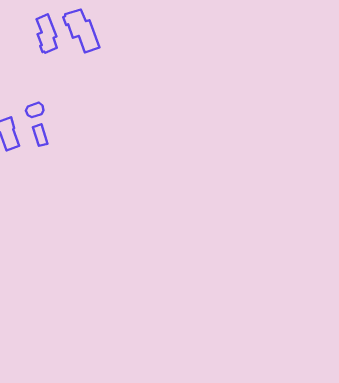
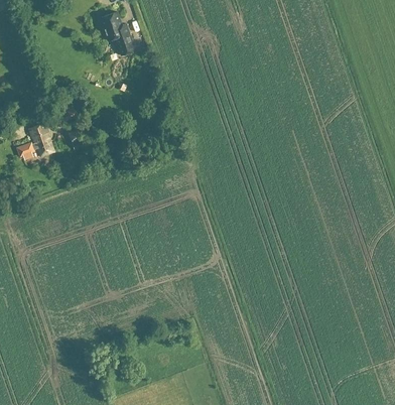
building: [37,14,57,53] -> none

